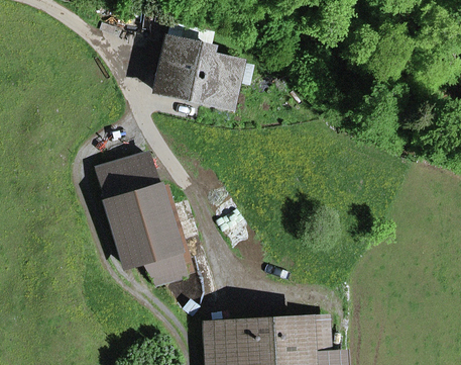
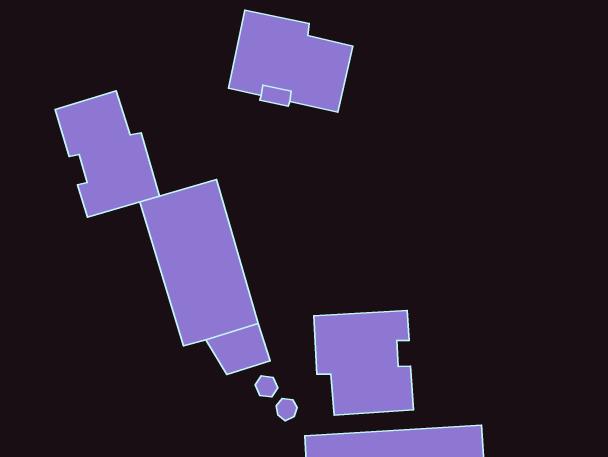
building: none -> [55,91,160,217]
building: none -> [314,311,413,415]

